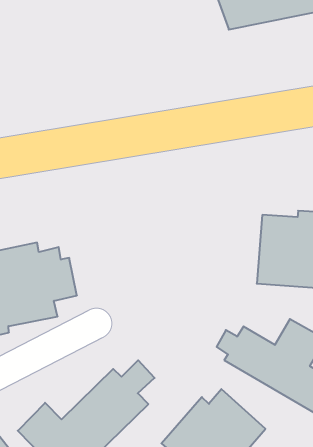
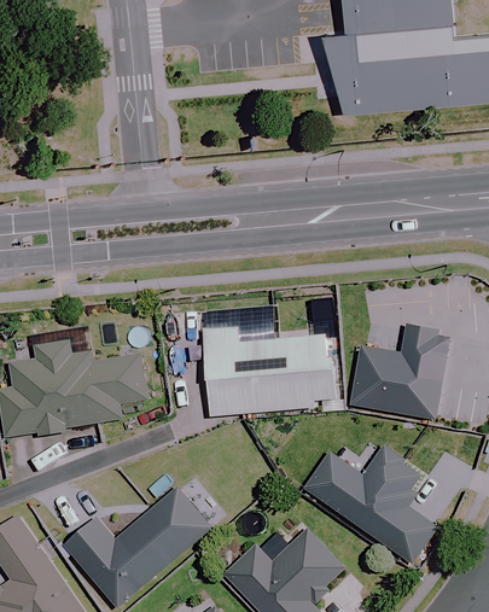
building: none -> [202,320,339,419]

